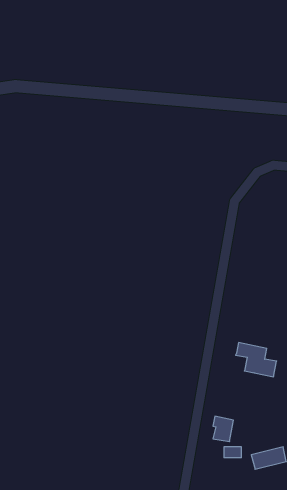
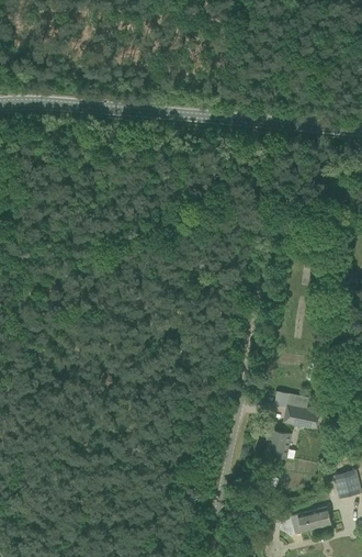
building: [213,416,233,442] -> [267,428,290,457]

